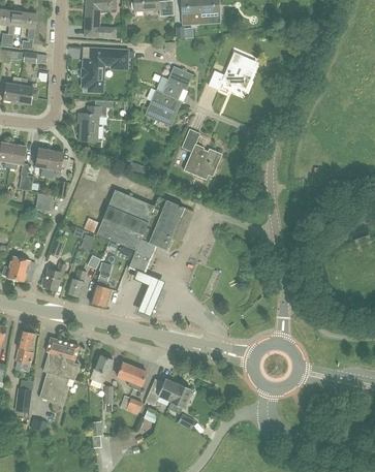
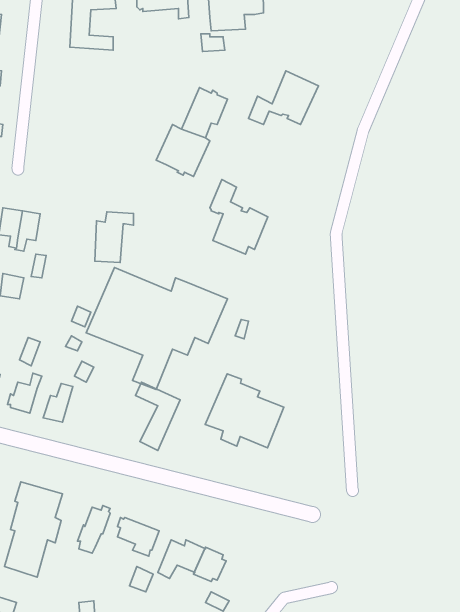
building: [81,49,127,91] -> none
building: [79,106,105,141] -> [95,212,134,262]
building: [90,262,112,306] -> none
building: none -> [205,374,284,448]

